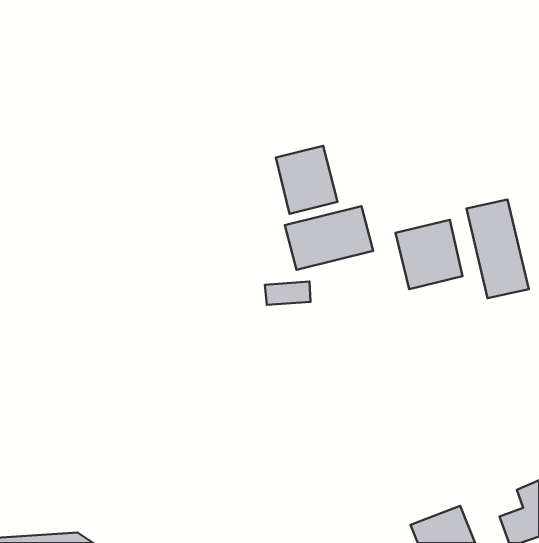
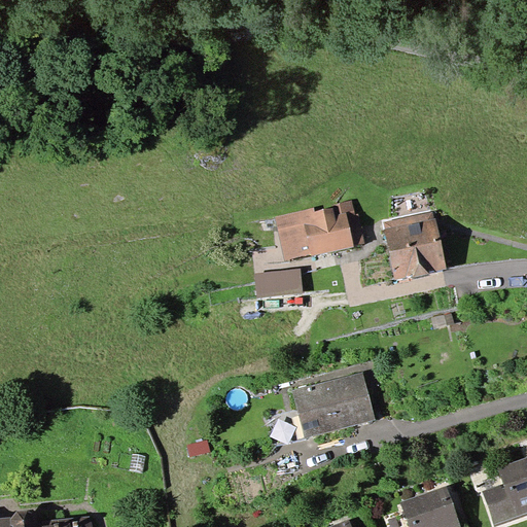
building: [276,146,338,214] -> none
building: [466,199,529,298] -> none
building: none -> [286,367,377,441]

